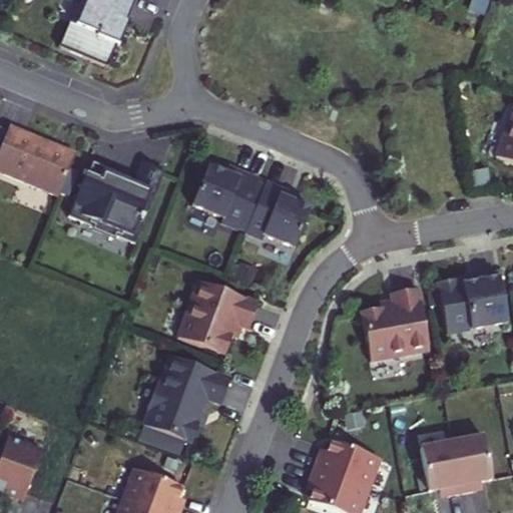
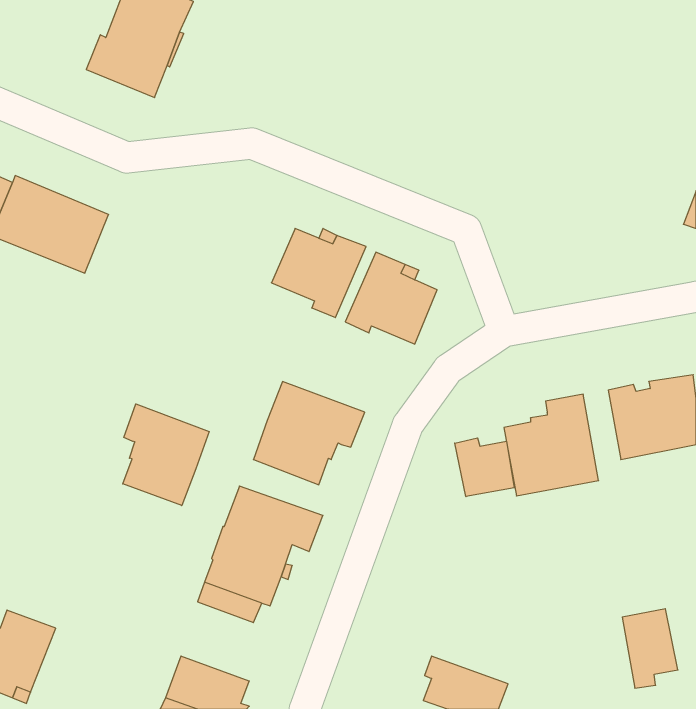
building: [71,161,168,245] -> none
building: none -> [123,404,209,506]
building: none -> [455,438,514,497]
building: [311,444,377,492] -> none
building: [416,444,457,498] -> none

